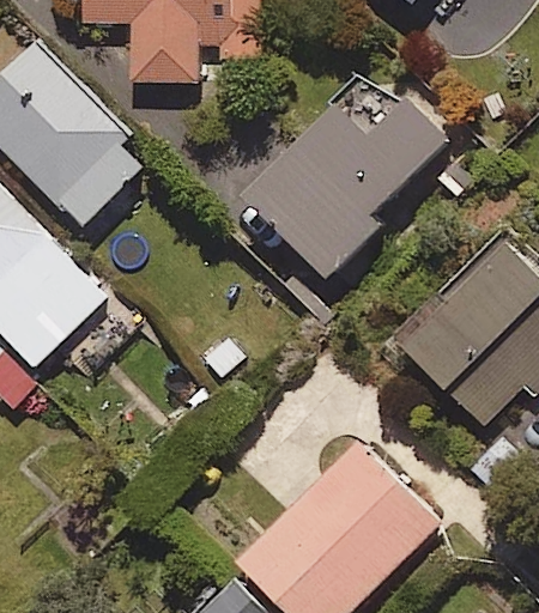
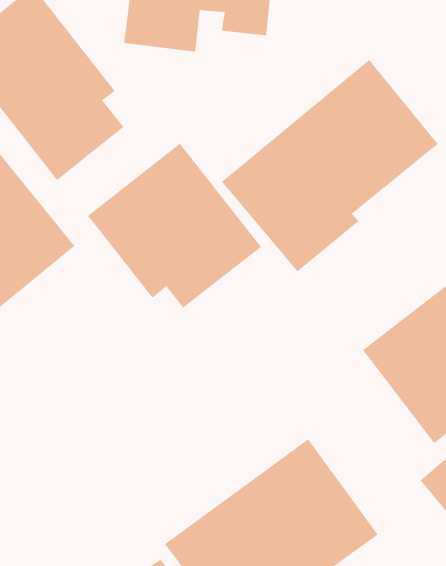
building: none -> [87,143,262,308]

